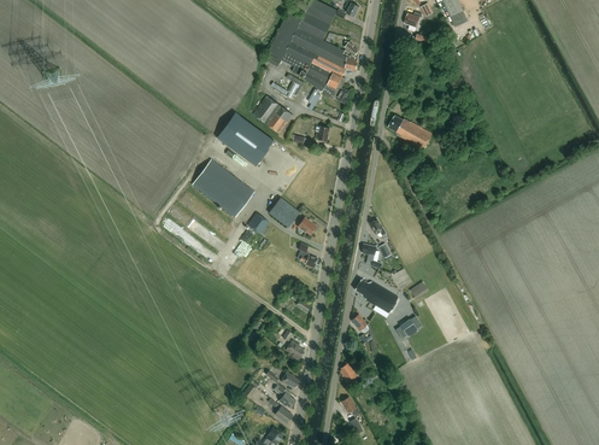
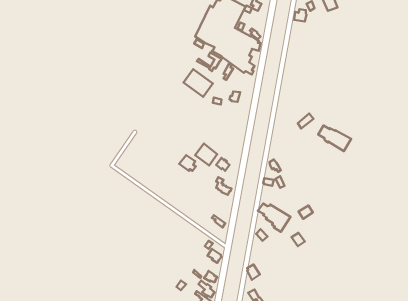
building: [217,111,275,165] -> none
building: [388,116,433,151] -> [318,126,351,151]
building: [193,160,254,217] -> none

